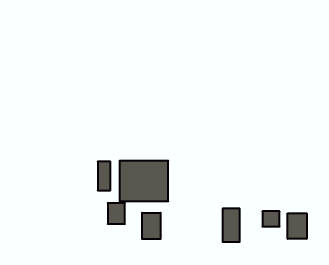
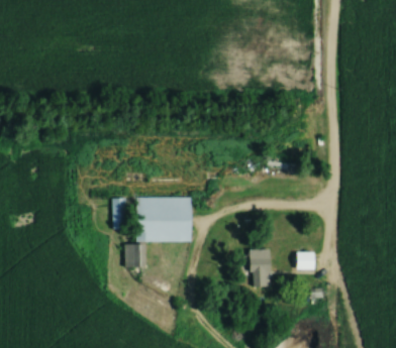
building: [142,213,161,239] -> none
building: [288,213,307,239] -> none

